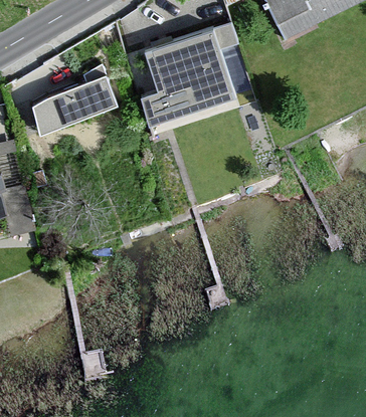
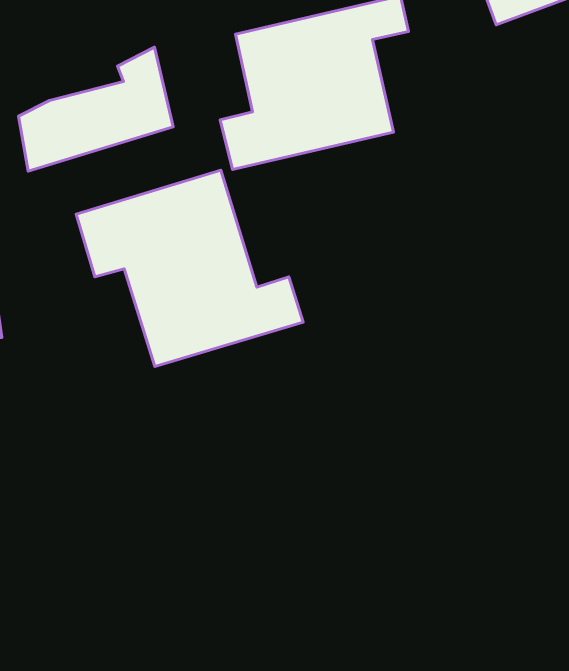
building: none -> [76,170,303,367]

